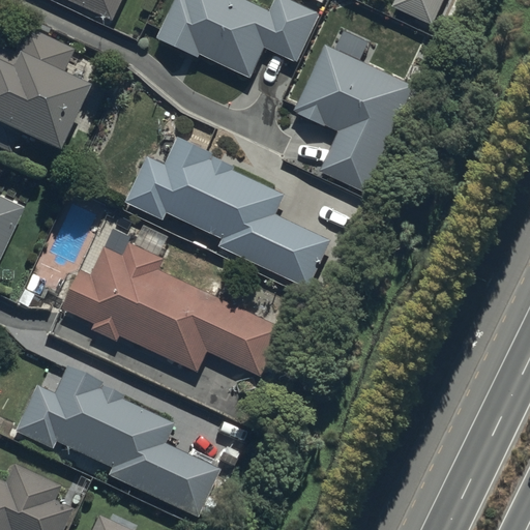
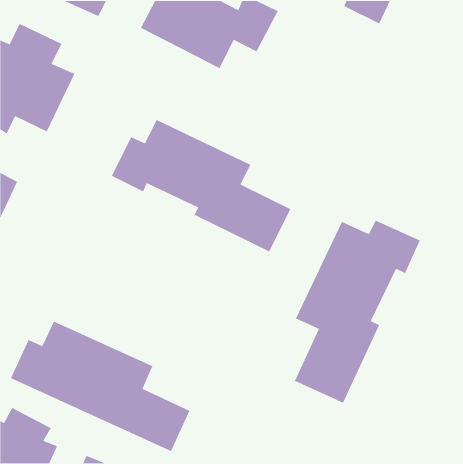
building: [293,46,413,193] -> none
building: [61,242,283,374] -> none
building: none -> [294,219,421,404]

